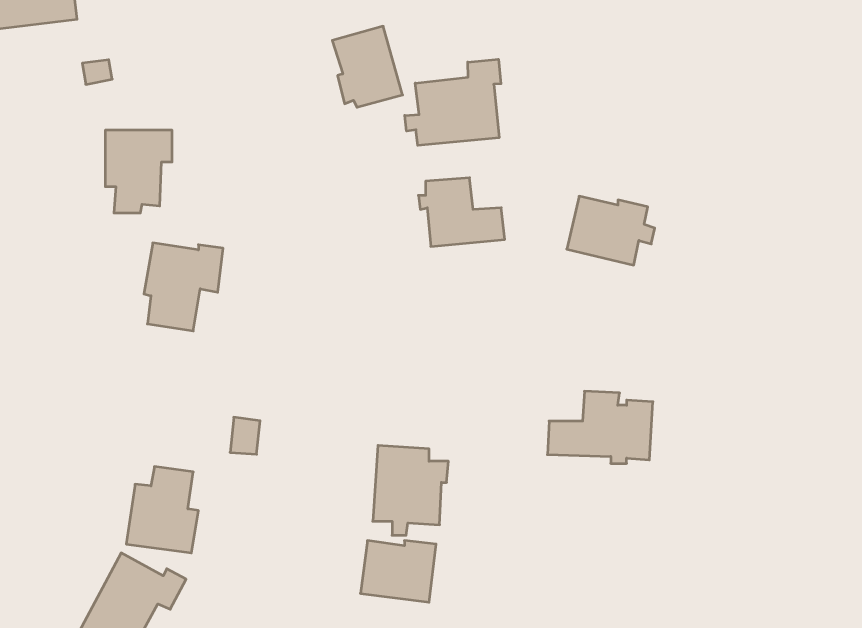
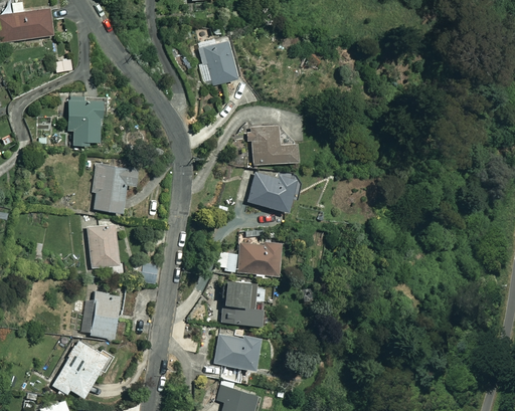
building: [405,59,501,145] -> none
building: [567,196,655,265] -> [248,173,299,212]
building: none -> [88,227,118,268]
building: [547,391,653,463] -> [219,236,280,277]

